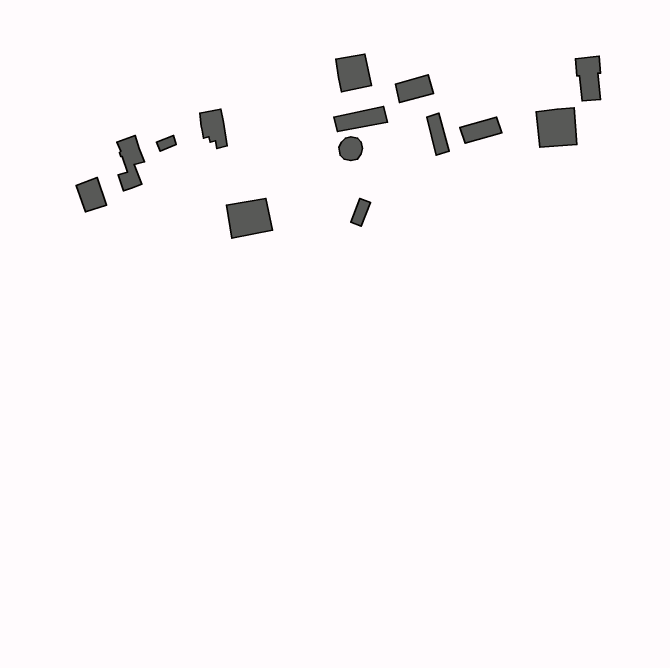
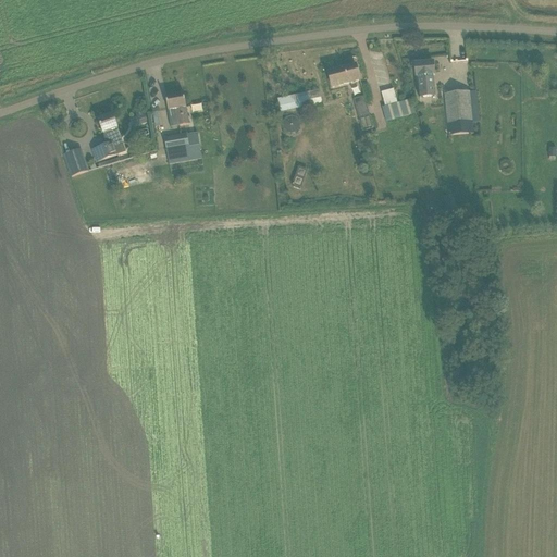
building: [336,54,372,92] -> none
building: [576,56,601,101] -> [413,59,434,96]
building: [227,199,272,238] -> [163,129,201,162]

